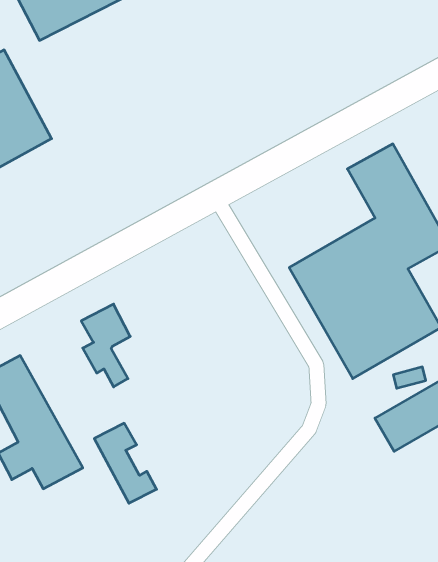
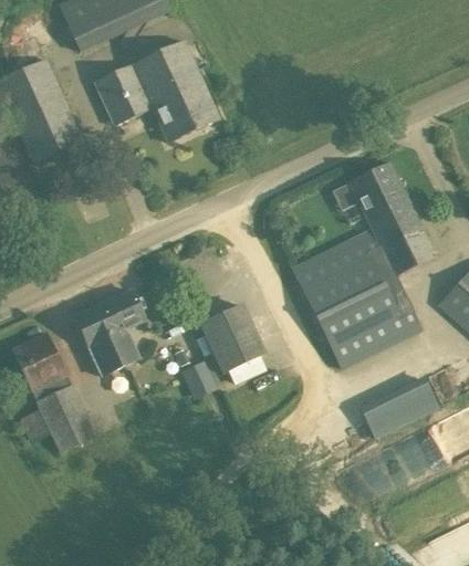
building: none -> [94,41,220,143]
building: none -> [200,305,265,374]
building: none -> [181,359,218,399]
building: [94,423,157,503] -> [74,304,127,376]

